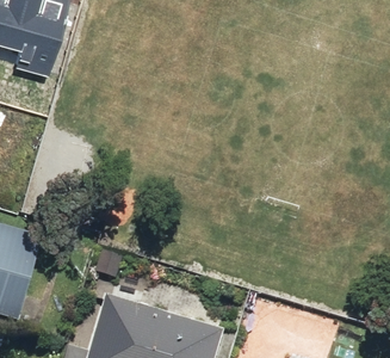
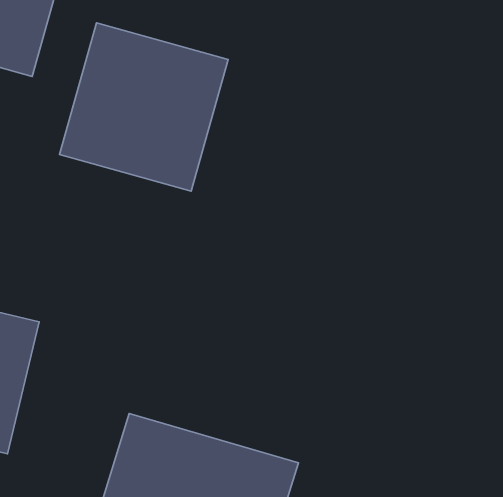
building: none -> [60,23,228,191]

